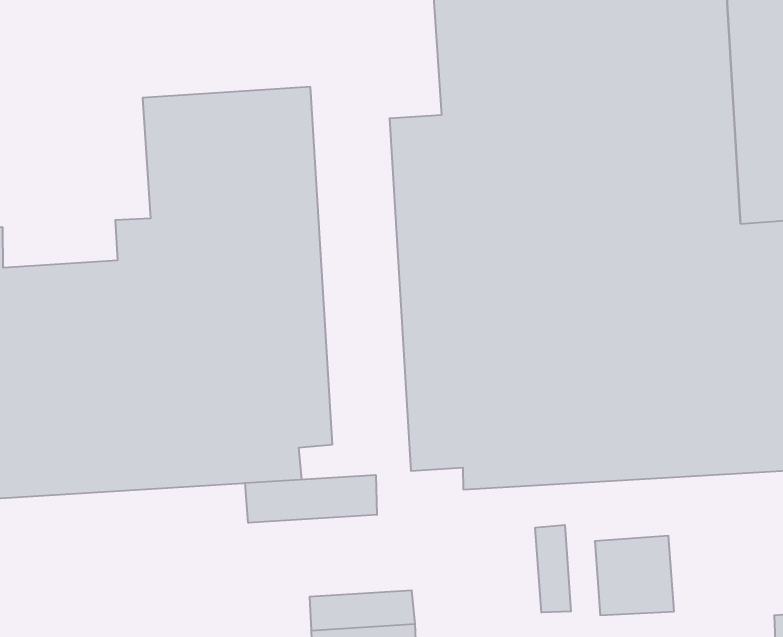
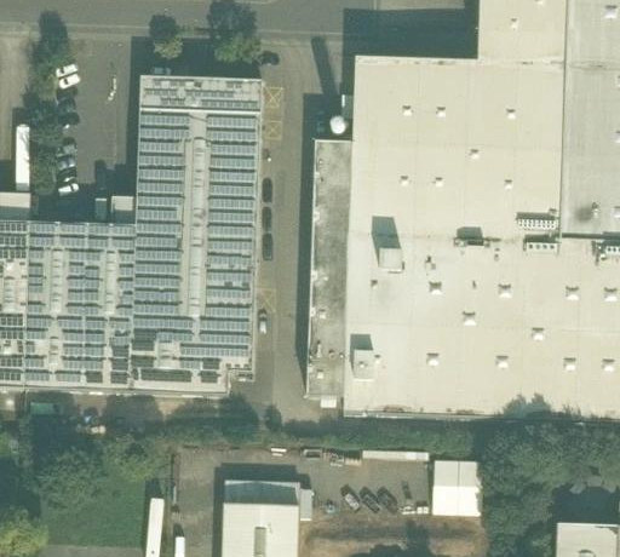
building: none -> [140,75,263,111]
building: [245,475,377,523] -> none
building: [535,525,571,613] -> none

